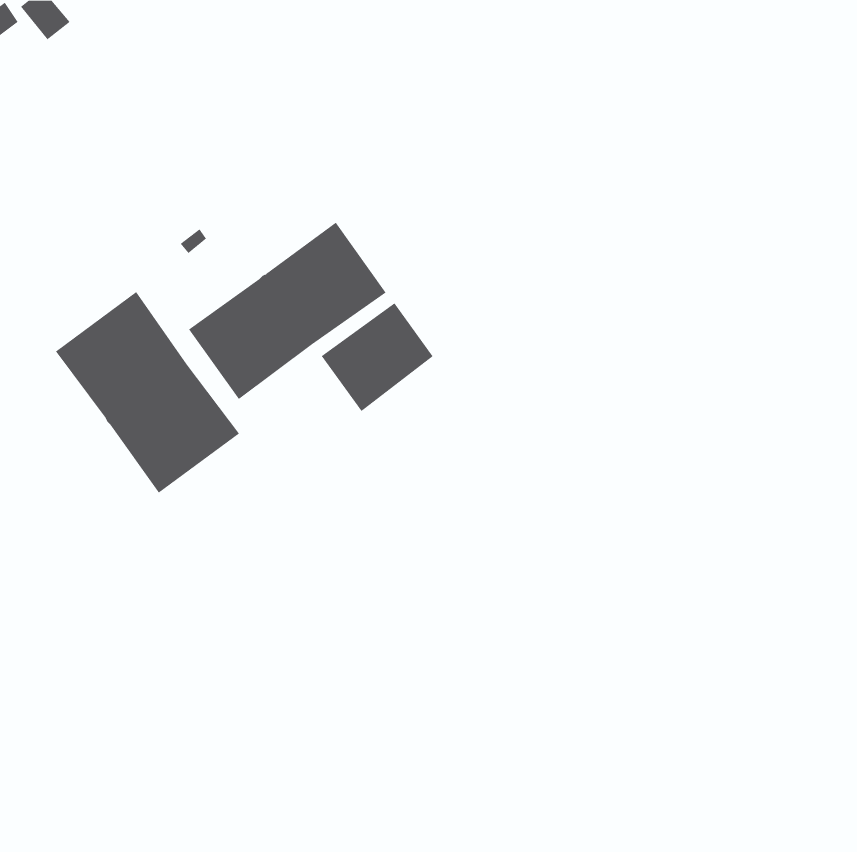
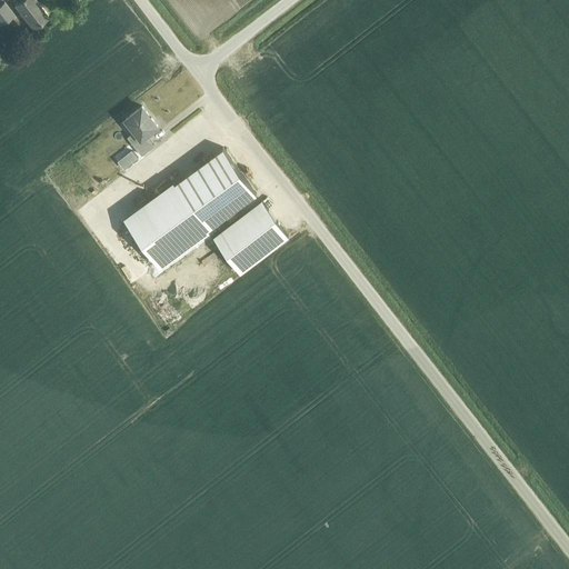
building: none -> [124,110,157,159]
building: [55,291,240,493] -> none

